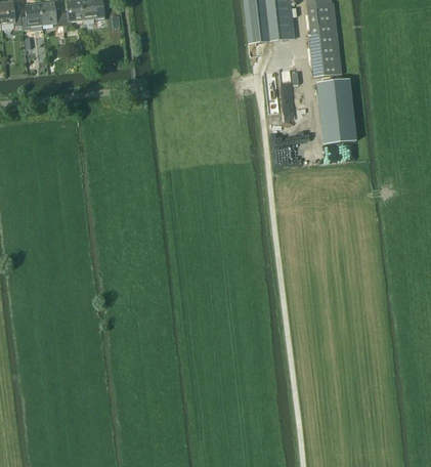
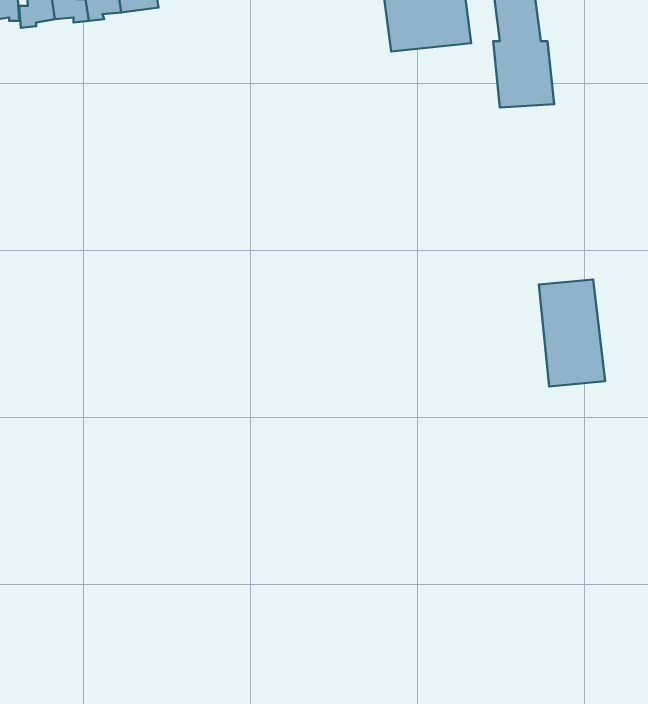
building: [316,78,356,142] -> [539,279,605,386]

